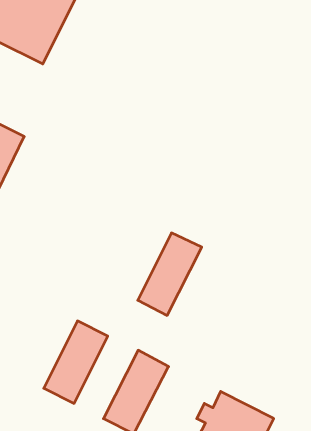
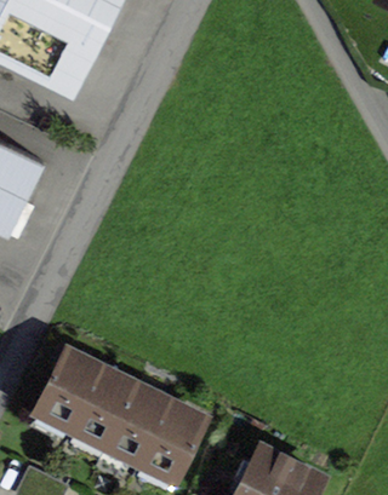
building: [138,233,202,315] -> [97,384,169,476]
building: none -> [29,350,101,442]

